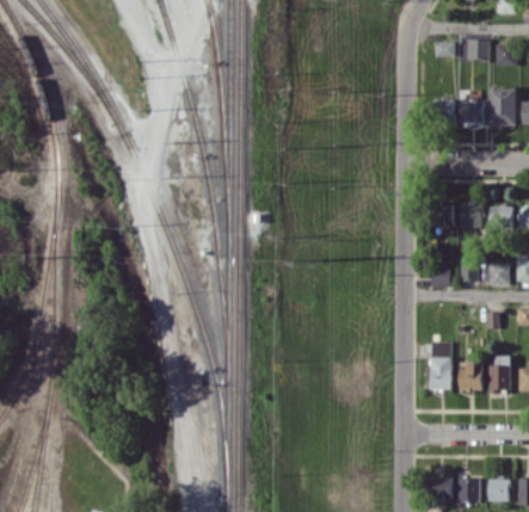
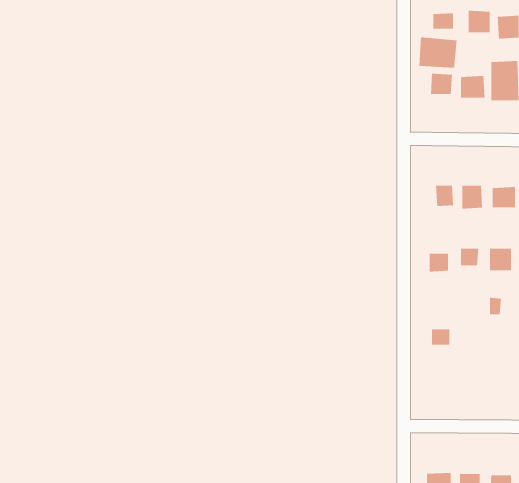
building: none -> [419,36,457,68]
building: [490,357,510,393] -> none
building: [430,358,450,390] -> none
building: [459,362,482,391] -> none

